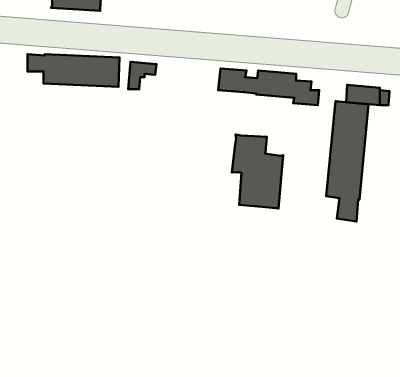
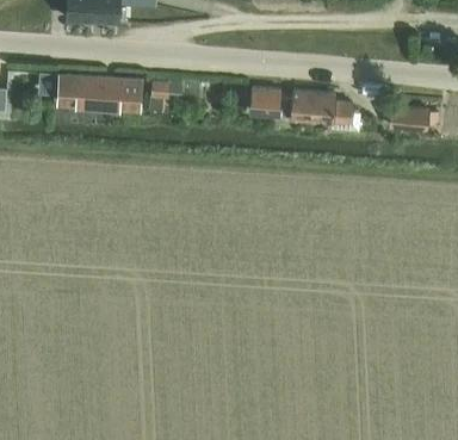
building: [326,101,369,222] -> none
building: [232,134,283,209] -> none

